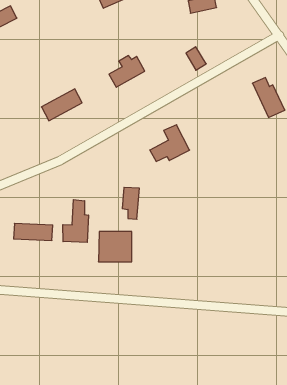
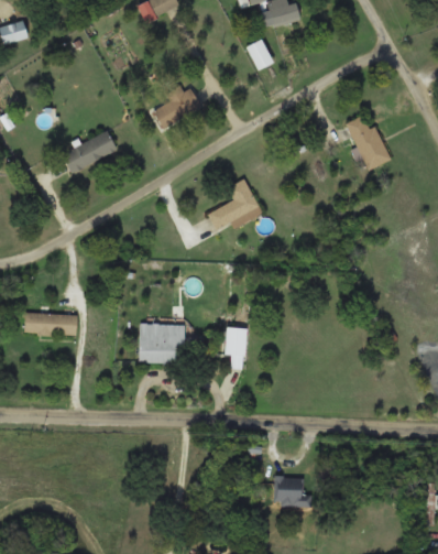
building: [186,47,206,70] -> [245,39,273,70]
building: [122,187,139,219] -> [222,327,245,370]
building: [63,200,88,242] -> none
building: none -> [274,477,305,506]

